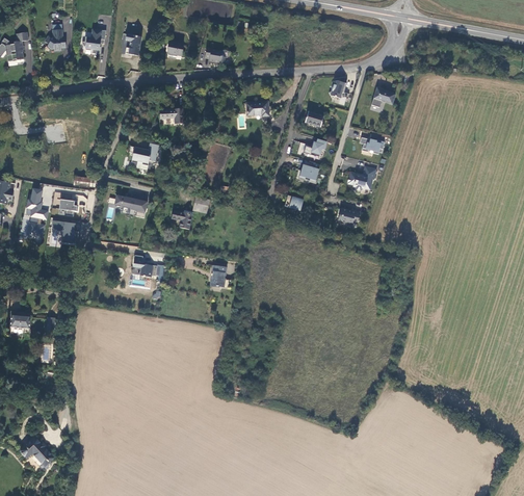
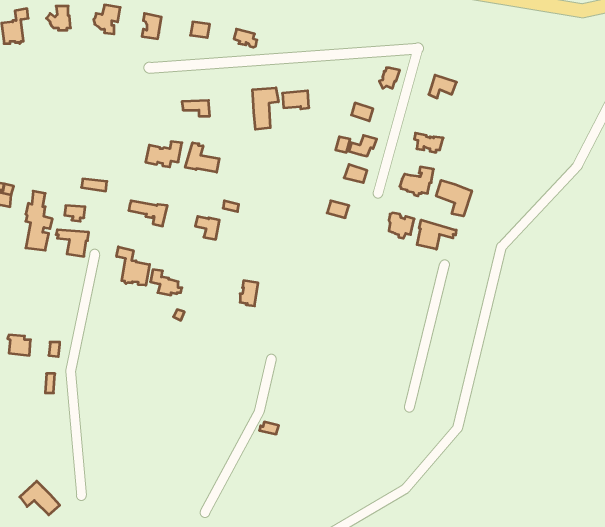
building: none -> [253,88,278,129]
building: none -> [185,143,219,172]
building: none -> [436,180,472,216]
building: none -> [417,220,456,249]
building: none -> [117,247,150,285]

